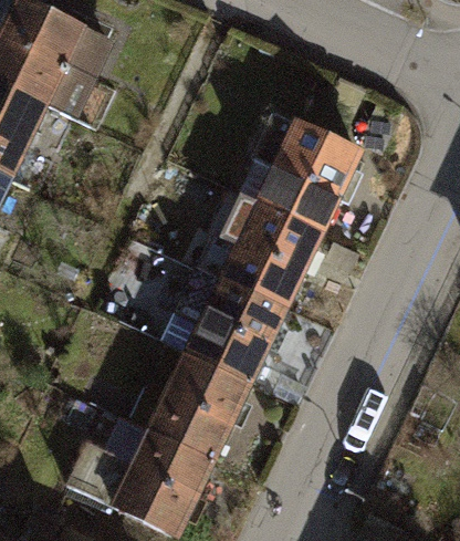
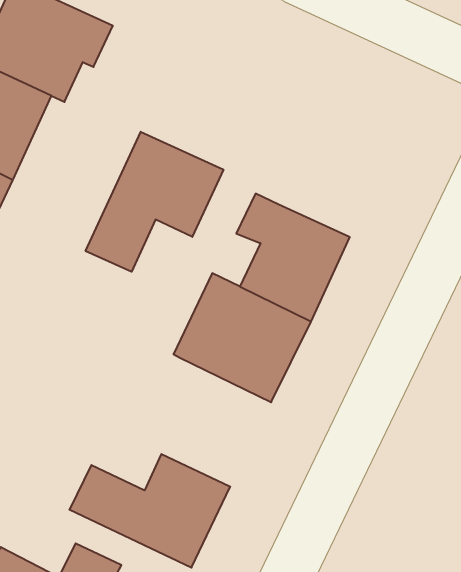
building: [254,114,359,231] -> none
building: none -> [86,132,223,272]
building: [129,342,251,460] -> none

